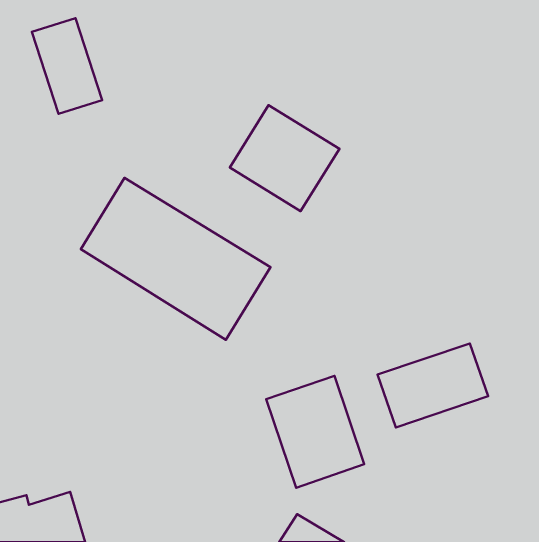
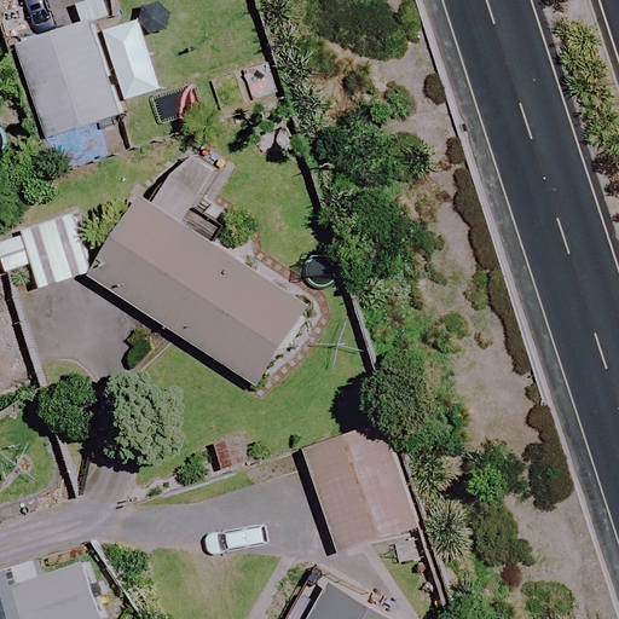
building: [230,105,339,211] -> none
building: [378,343,488,427] -> none

